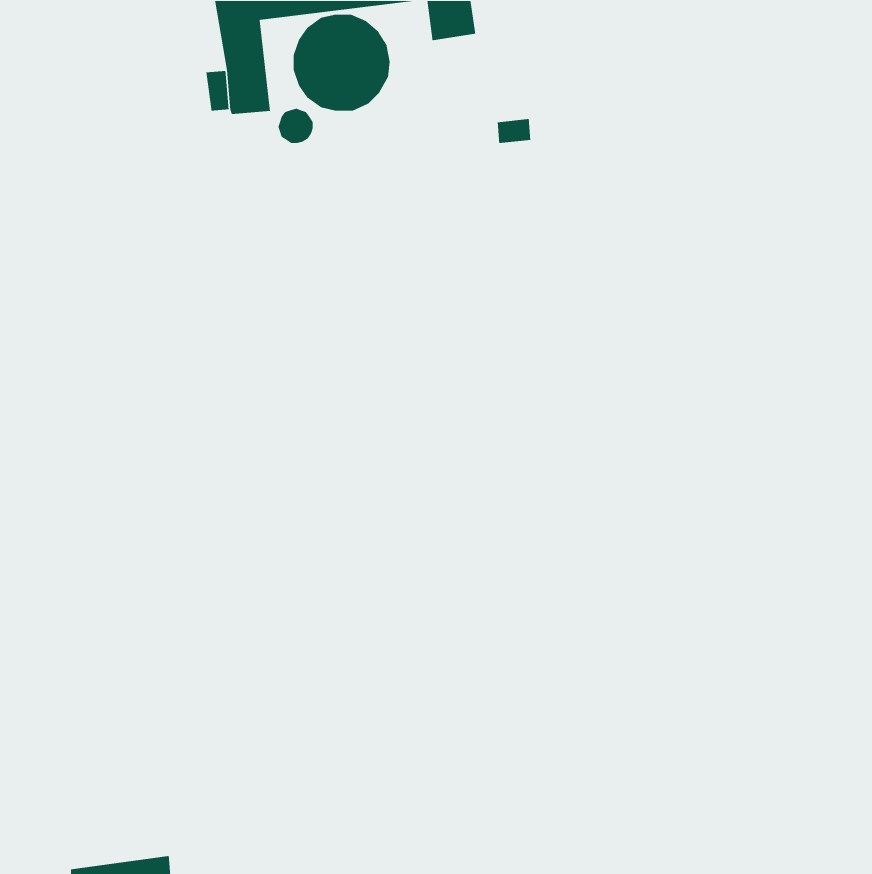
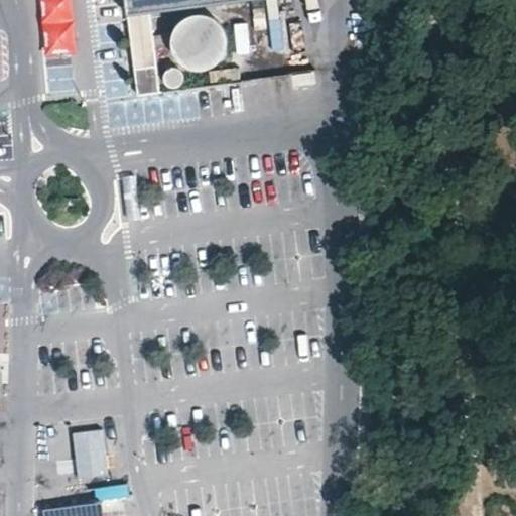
building: none -> [71,429,108,483]

